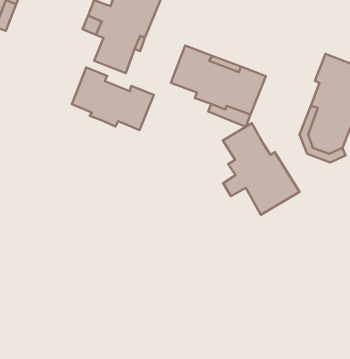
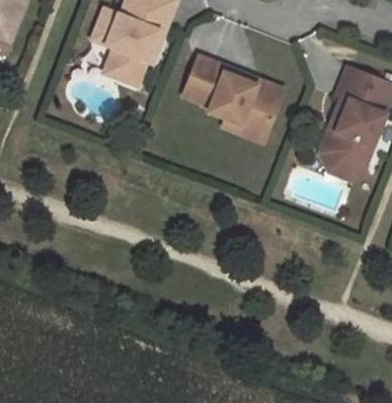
building: [72,67,154,130] -> none
building: [223,123,299,215] -> none

